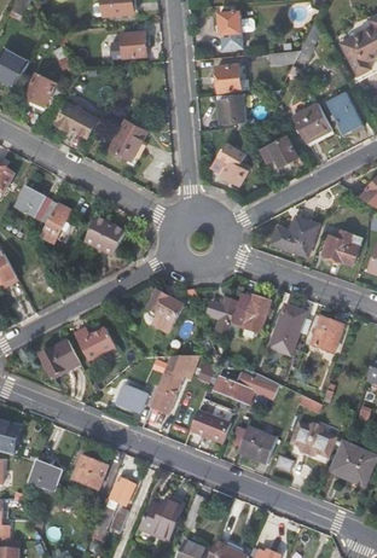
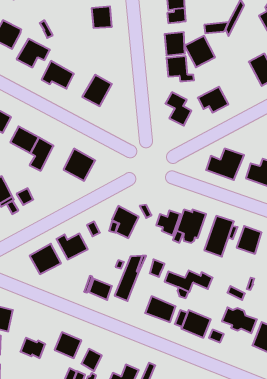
building: [292,101,332,143] -> [185,36,215,67]

